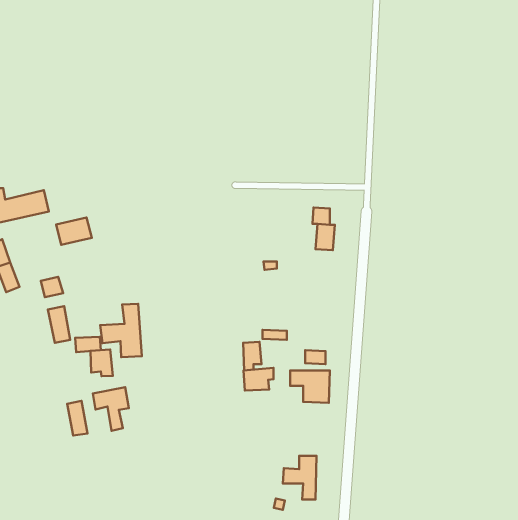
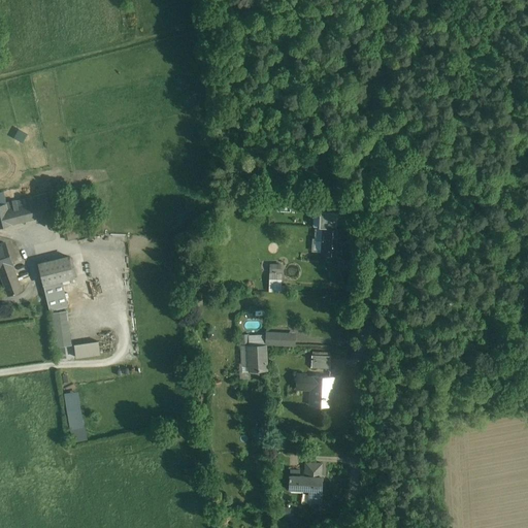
building: [56,217,92,245] -> [36,257,72,285]
building: [100,304,142,357] -> none
building: [90,350,113,376] -> none
building: [244,368,274,390] -> none
building: [93,387,129,431] -> none

